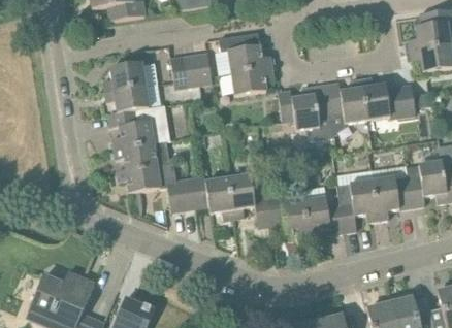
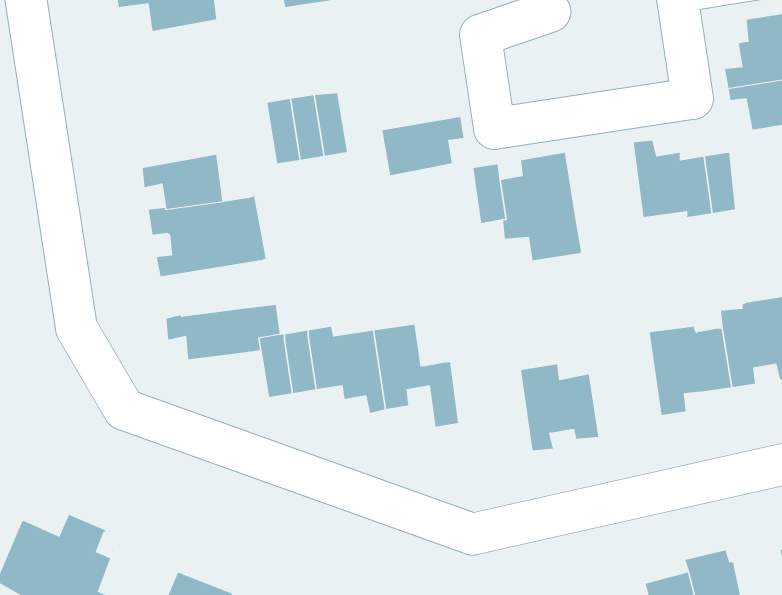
building: [219,32,271,72] -> none
building: [104,62,157,92] -> none
building: [326,78,366,123] -> none
building: [115,140,170,169] -> none
building: [336,177,376,232] -> none
building: [266,191,309,241] -> none

